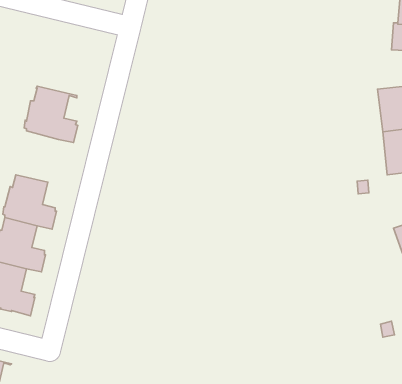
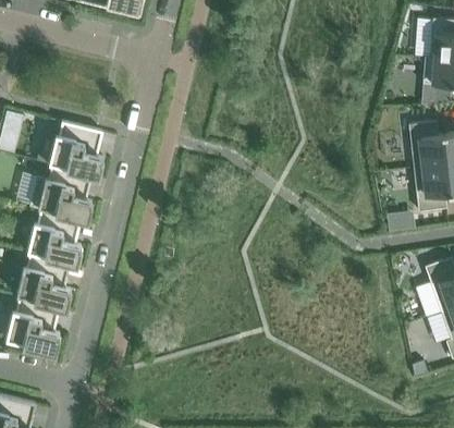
building: none -> [29,167,93,222]

